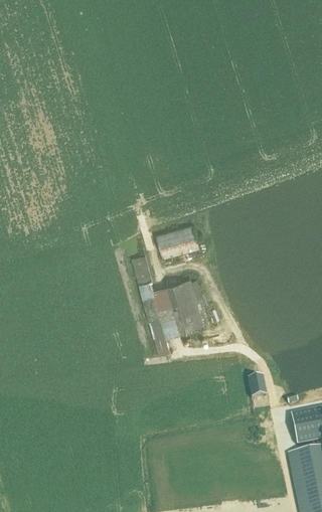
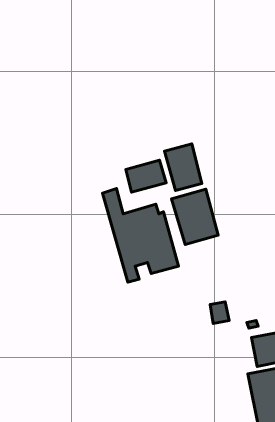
building: none -> [165,144,202,190]
building: none -> [172,189,218,245]

